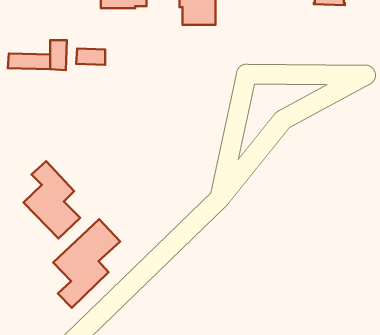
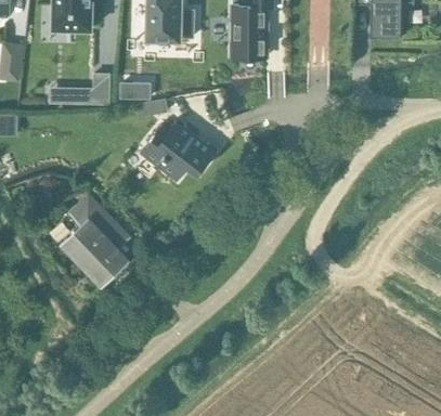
building: none -> [146,121,216,182]
building: [53,219,120,308] -> none

